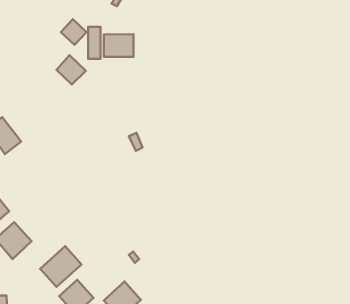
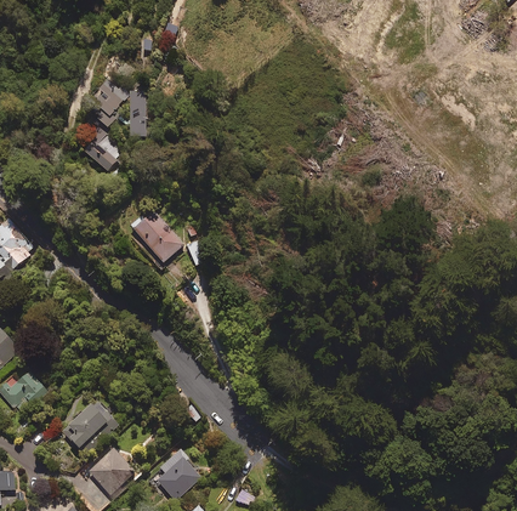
building: [104,34,133,57] -> none
building: none -> [131,210,182,262]

